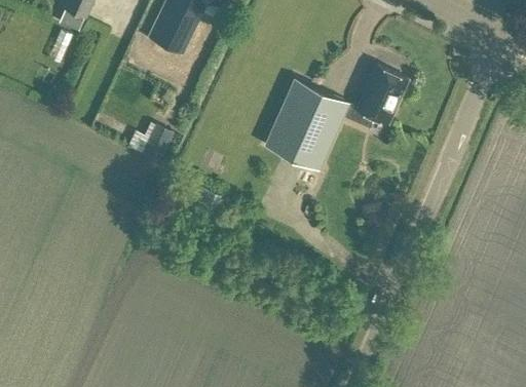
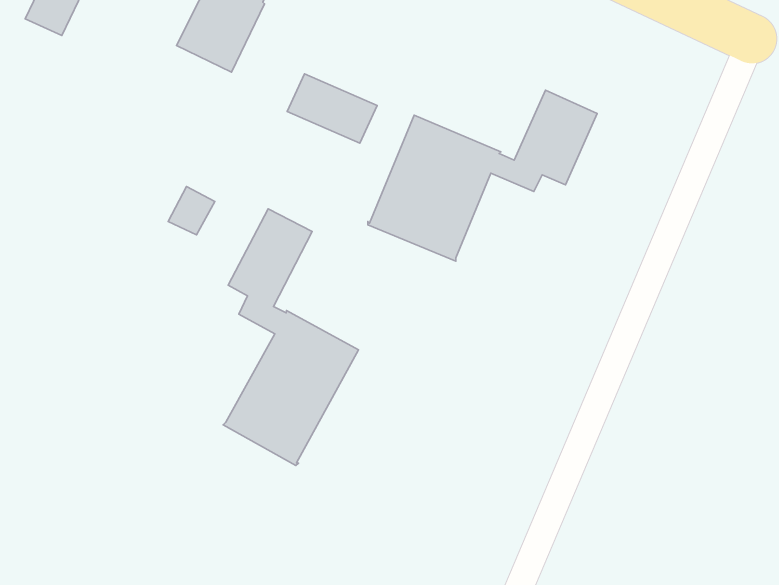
building: none -> [287,74,377,143]
building: none -> [223,209,359,465]

